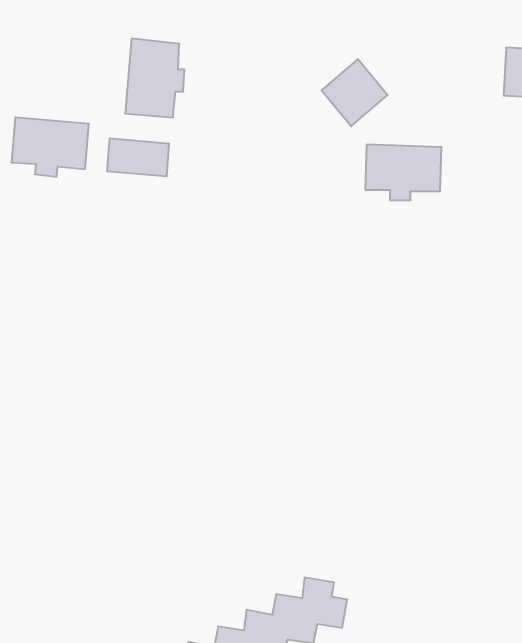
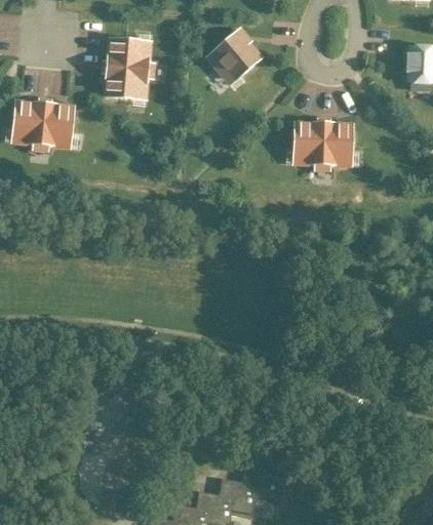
building: [322,59,387,126] -> [210,31,263,84]
building: [107,138,169,177] -> none

